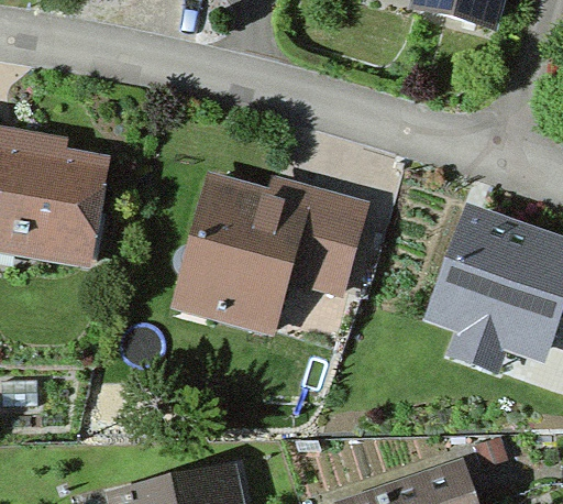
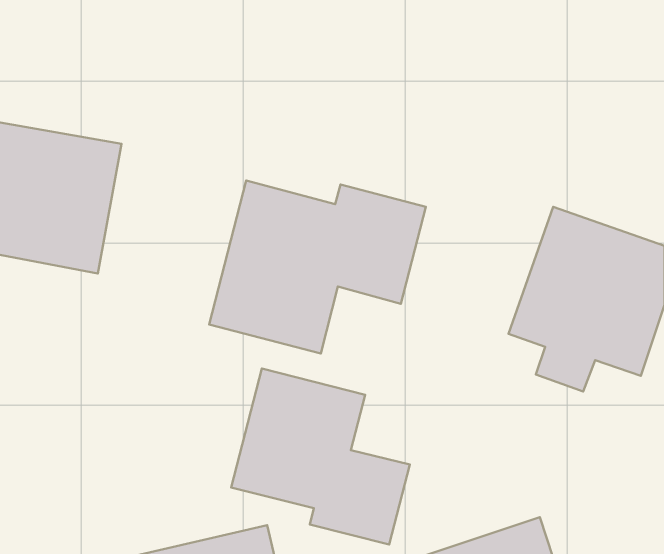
building: none -> [231,369,410,545]

